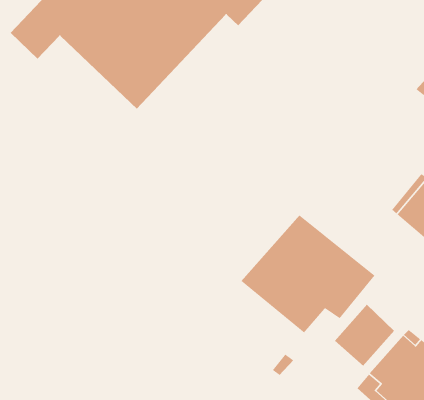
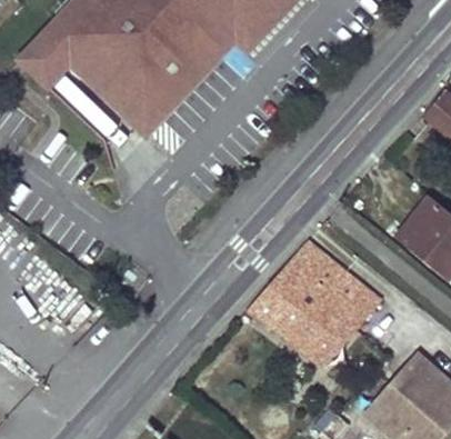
building: [334,304,395,367] -> none

